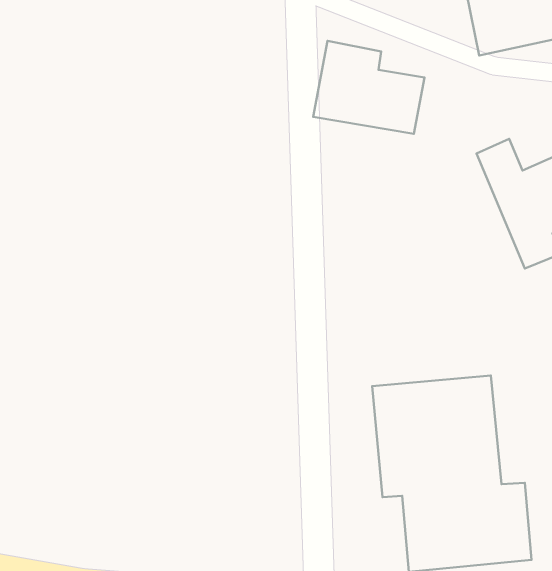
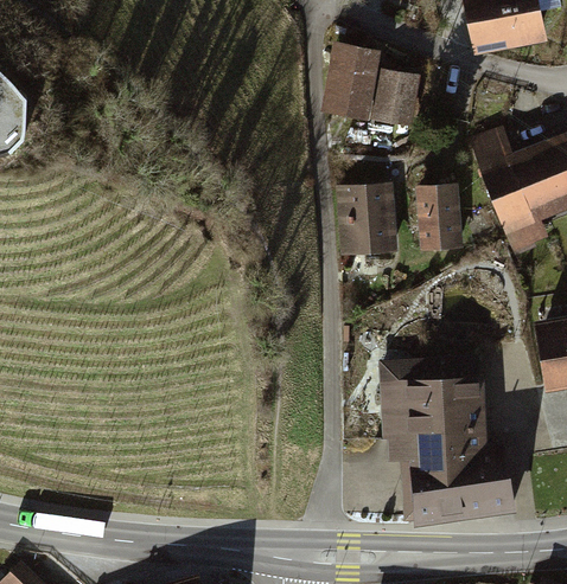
building: none -> [333,182,396,254]
building: none -> [413,184,463,249]

